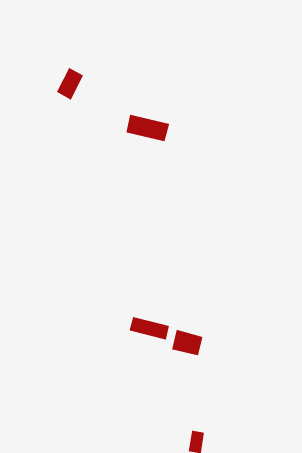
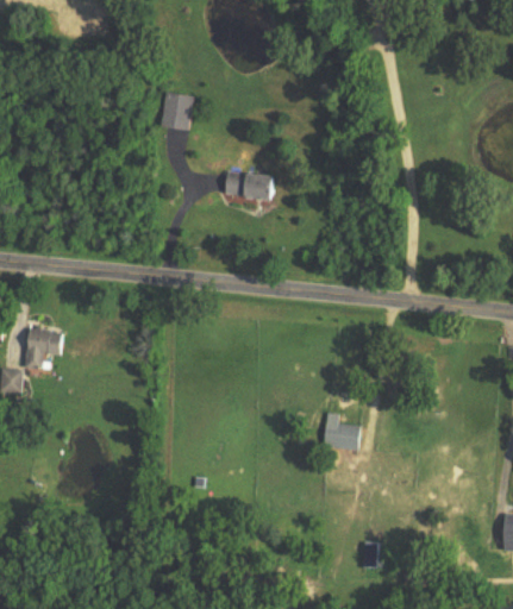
building: [56,67,84,101] -> [164,90,195,131]
building: [128,316,170,340] -> none

